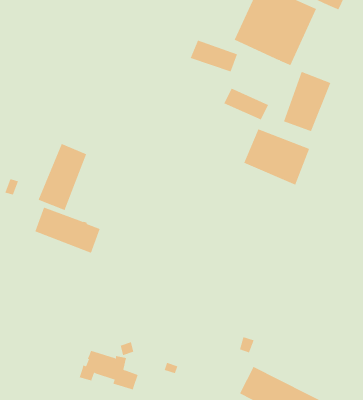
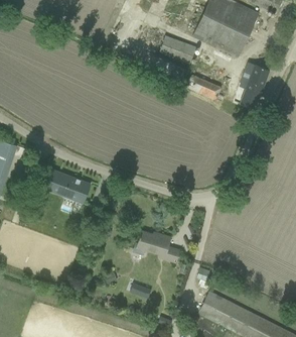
building: [244,128,310,185] -> none
building: [38,143,87,211] -> none
building: [79,350,139,390] -> [134,231,180,262]

